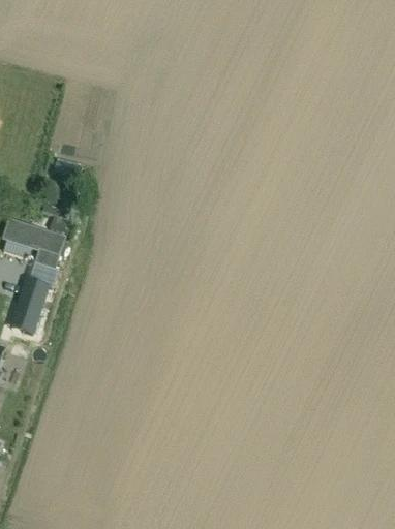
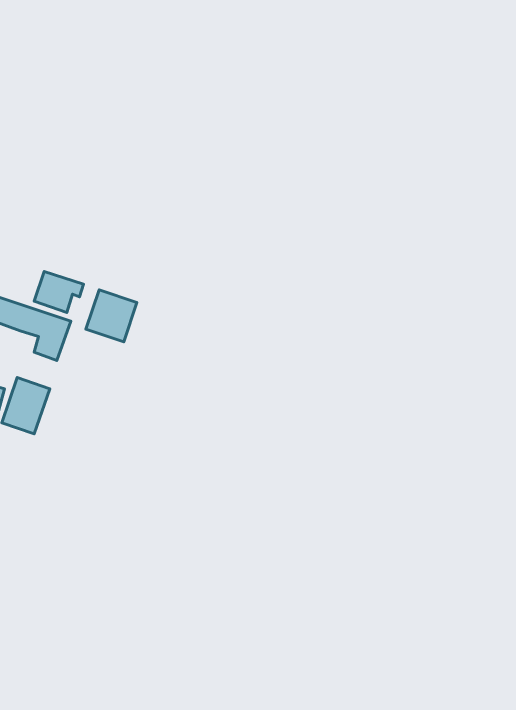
building: none -> [86,290,137,342]

